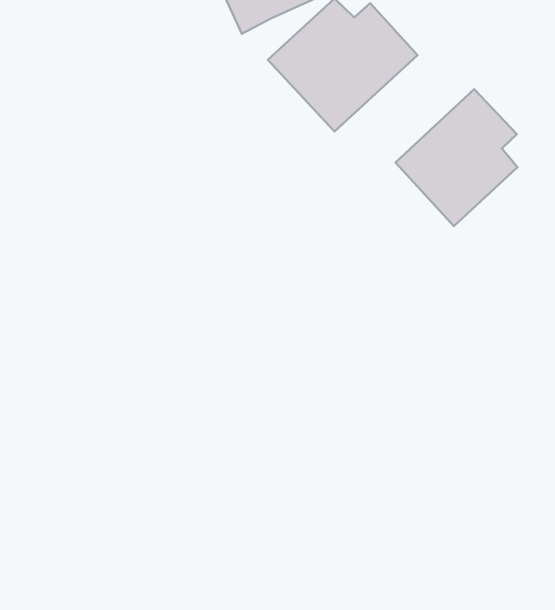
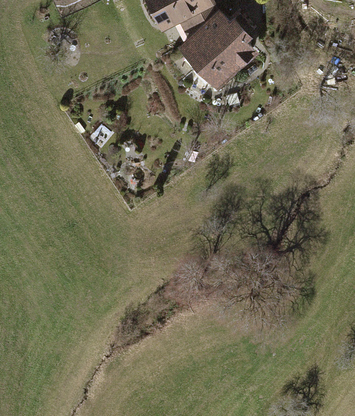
building: [395,89,518,226] -> none

